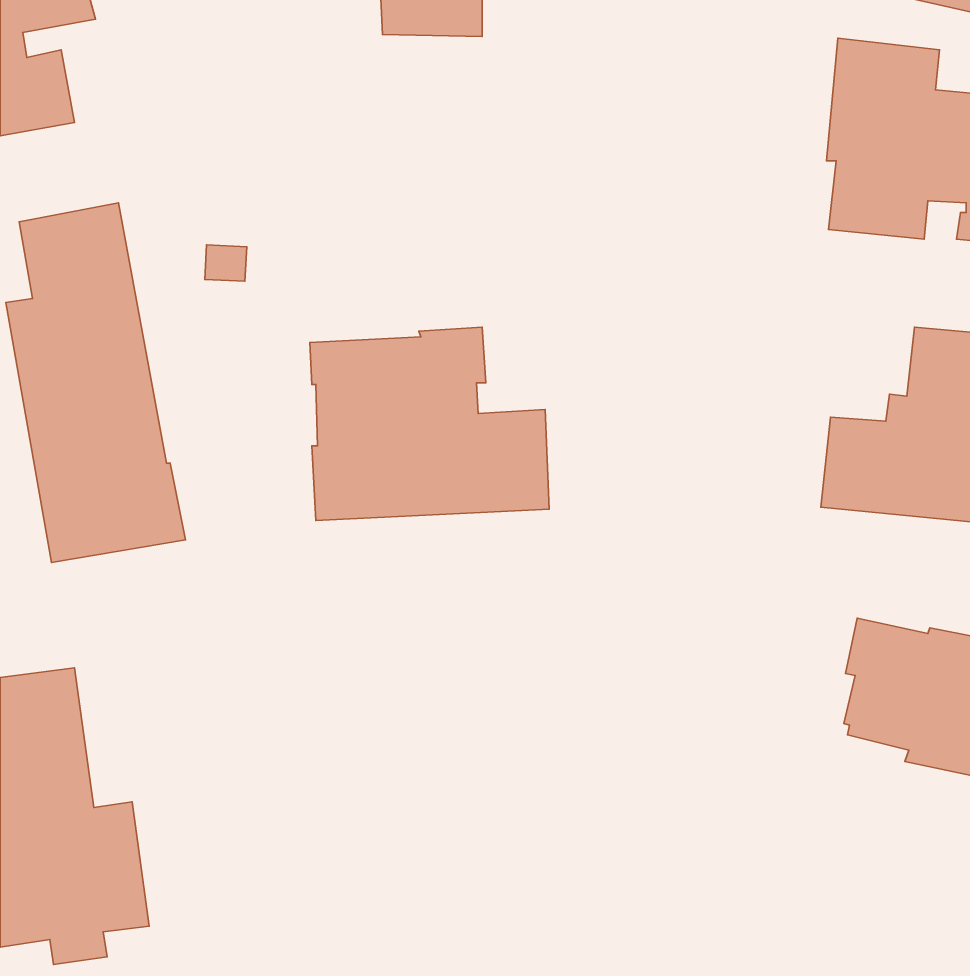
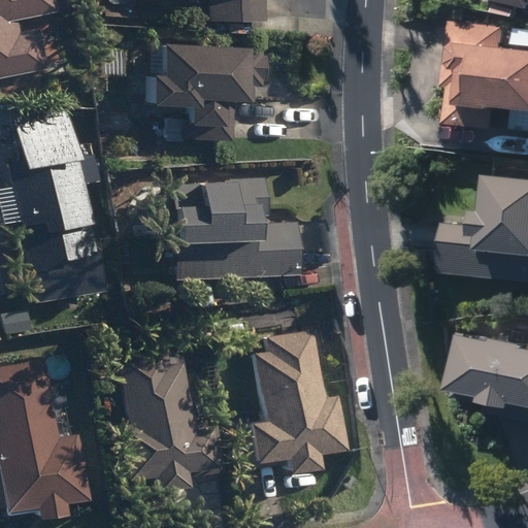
building: none -> [147,42,266,140]
building: none -> [237,330,343,474]
building: none -> [117,351,216,491]

